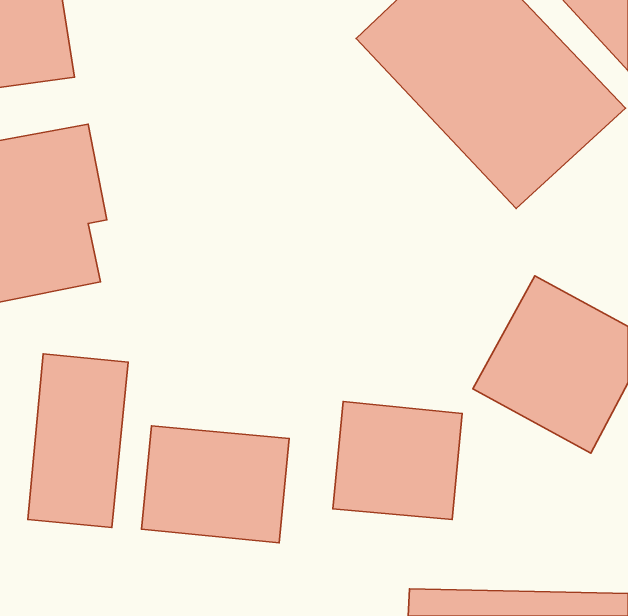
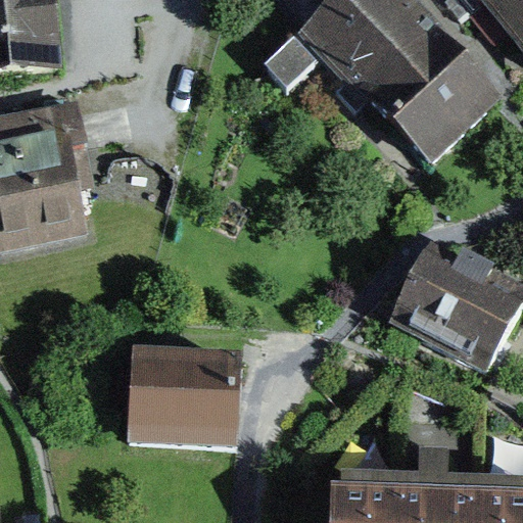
building: [28,354,128,527] -> none
building: [333,401,462,520] -> none

